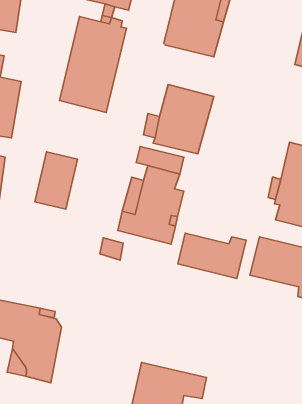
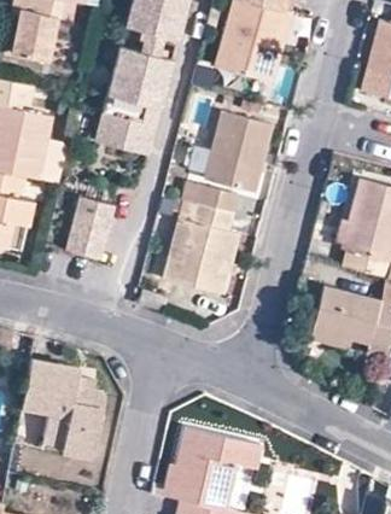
building: [178,233,246,278] -> none

